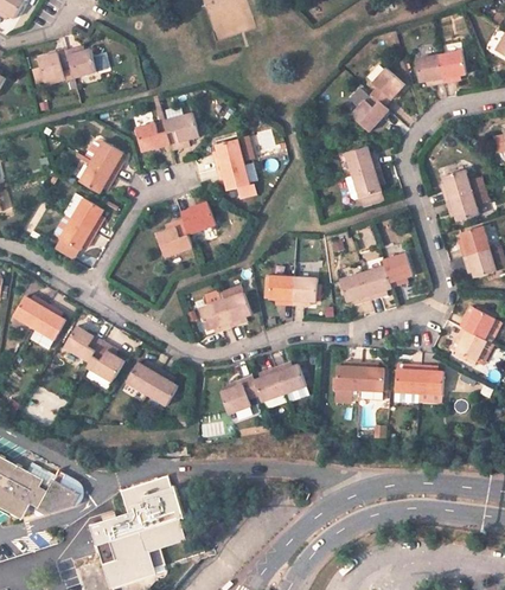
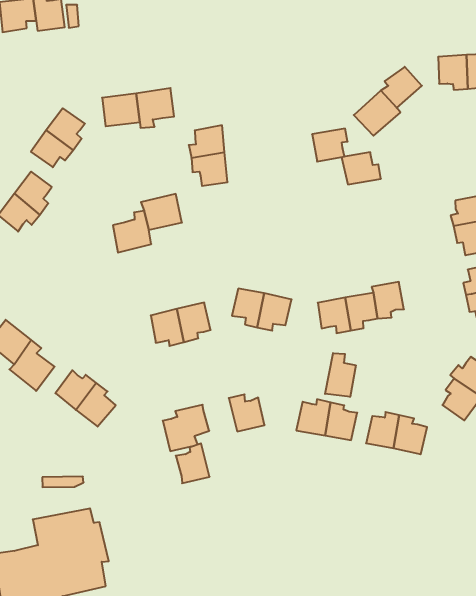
building: [351,167,382,198] -> [312,129,348,162]
building: none -> [325,353,356,397]
building: [252,368,283,404] -> [176,443,210,483]

